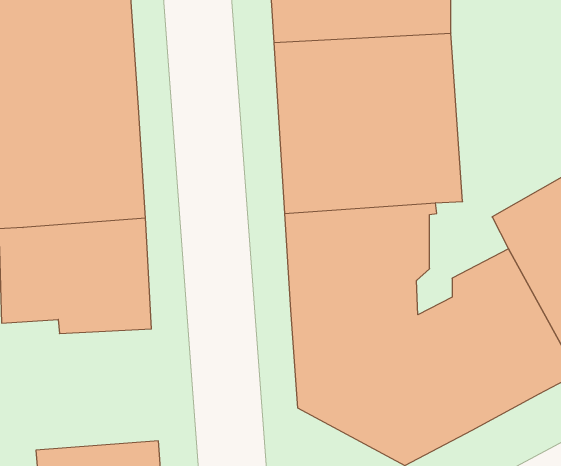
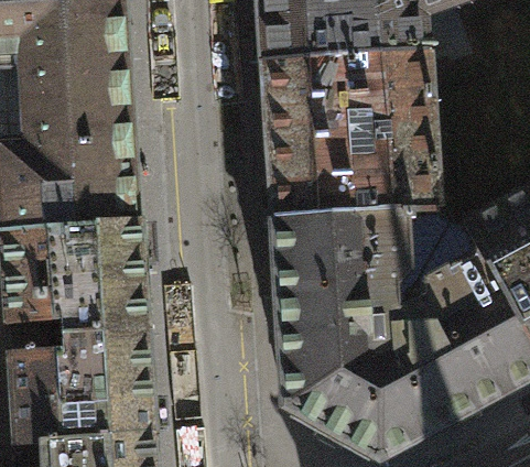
building: none -> [10,329,152,446]

